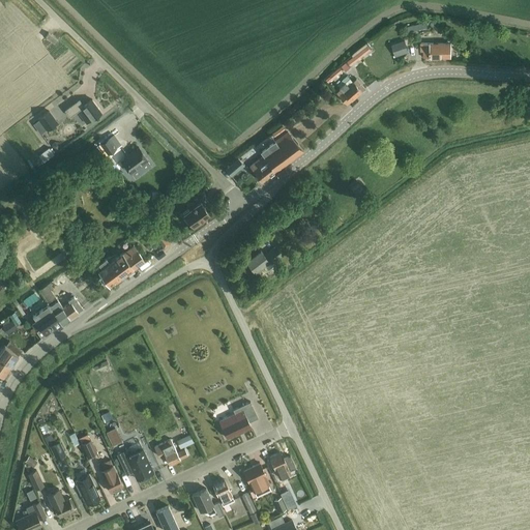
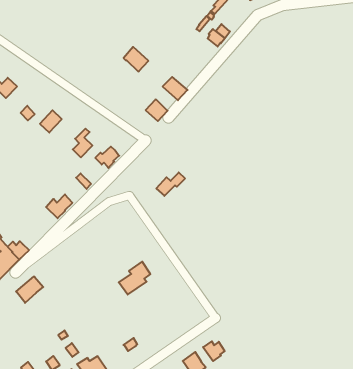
building: [260,142,289,172] -> [124,47,148,71]
building: none -> [73,129,92,157]
building: [94,257,122,288] -> none
building: none -> [16,277,43,303]
building: [217,402,257,438] -> [119,262,150,295]
building: [153,439,186,465] -> none

